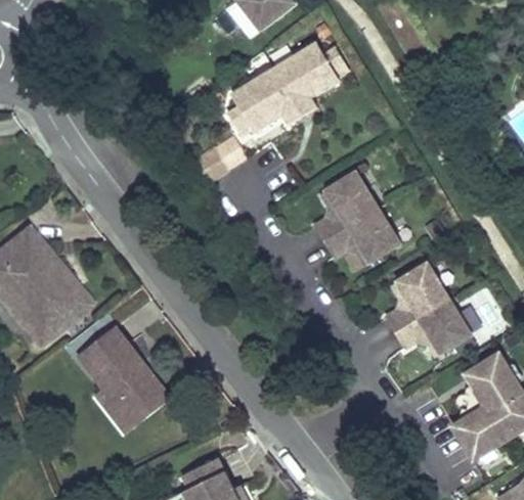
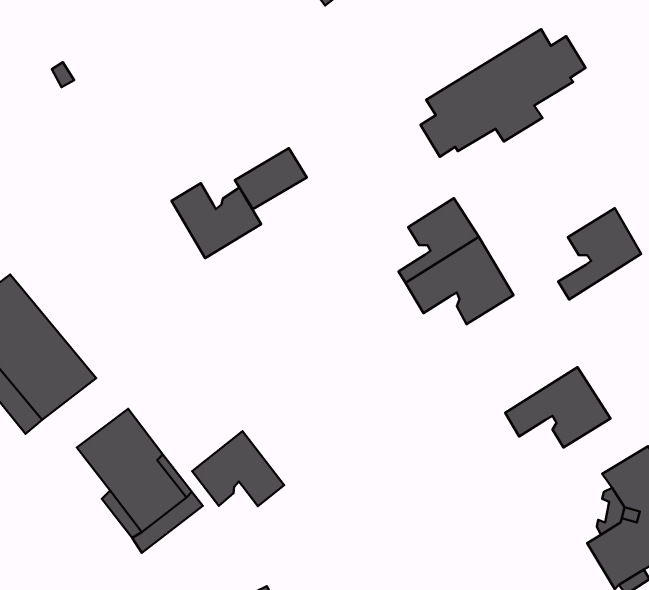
building: [228,41,350,135] -> [421,29,586,157]
building: none -> [172,183,261,258]
building: [386,262,447,329] -> [558,208,641,300]
building: none -> [192,431,284,506]

